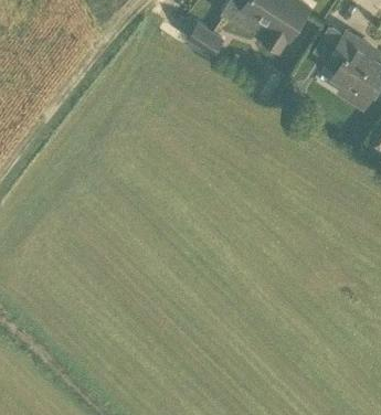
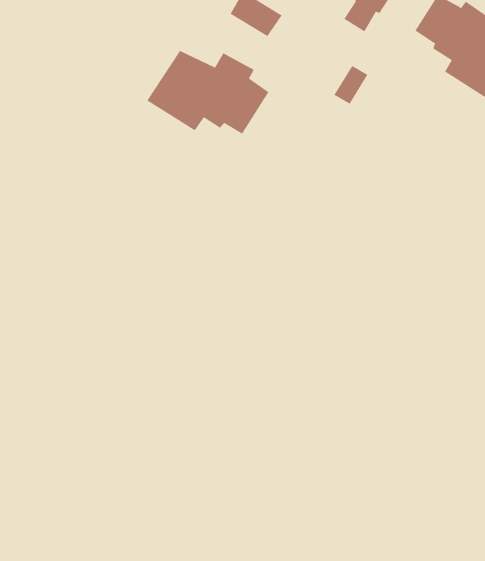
building: none -> [146,50,269,135]

